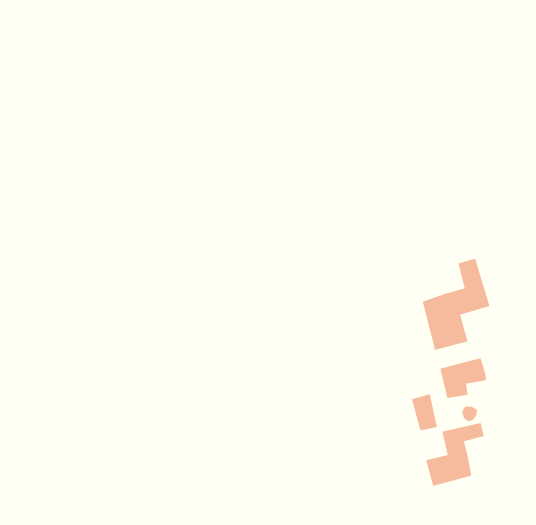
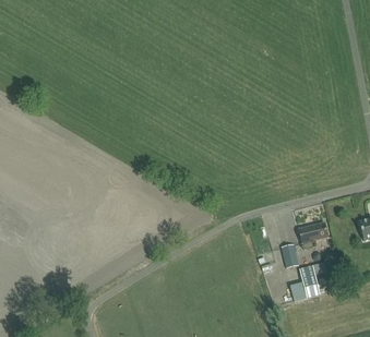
building: [422,258,490,351] -> none

